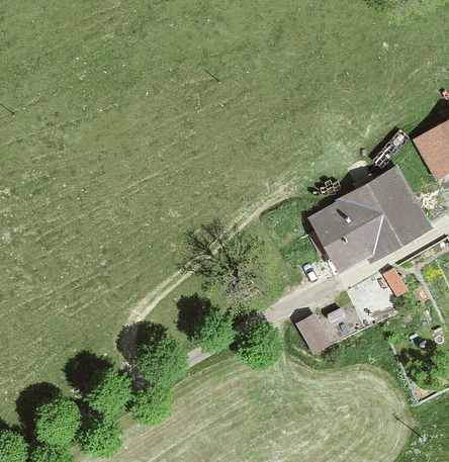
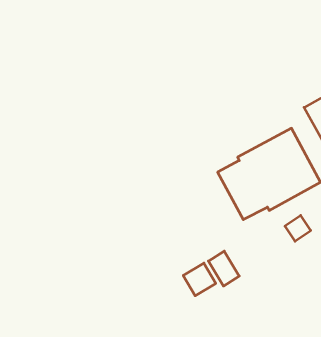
building: none -> [183,263,216,296]

